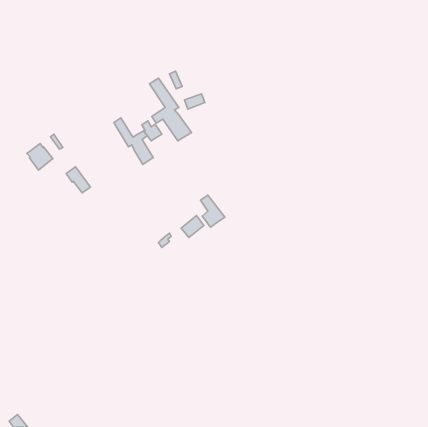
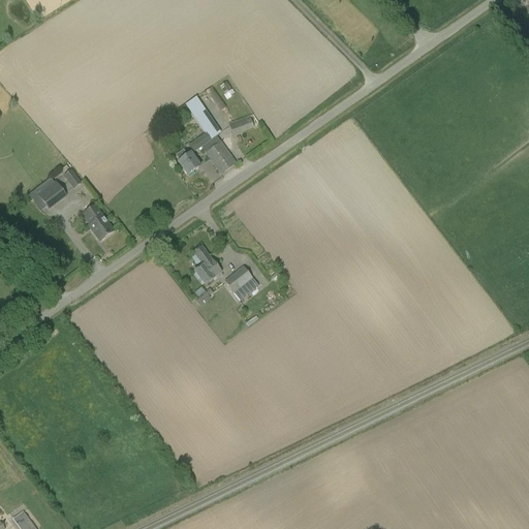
building: [114,118,153,164] -> none
building: [200,195,225,227] -> [191,245,221,284]

